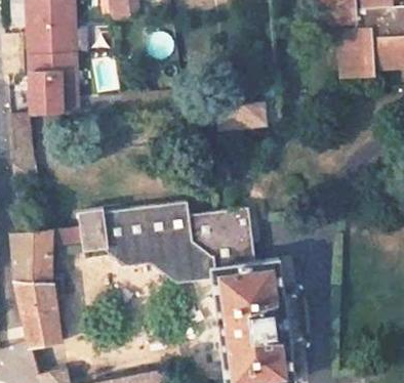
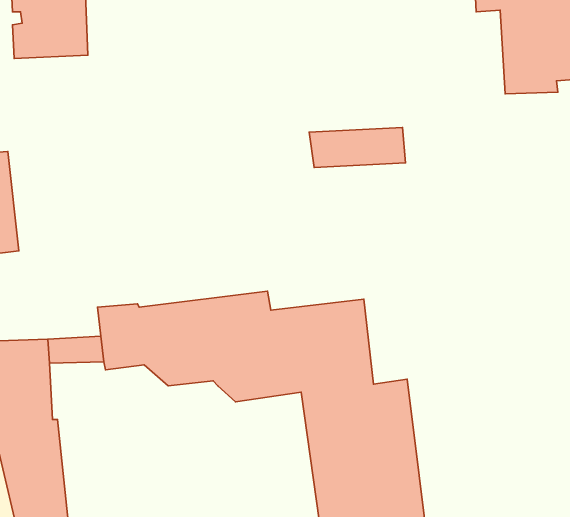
building: [28,52,77,113] -> none

